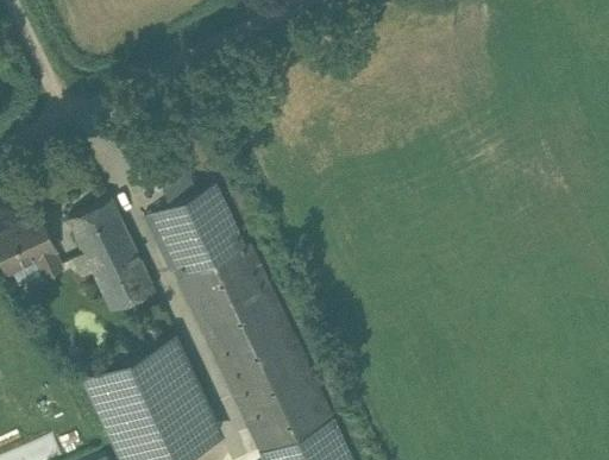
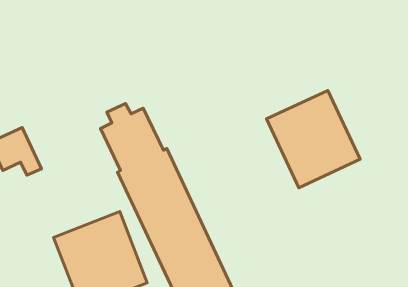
building: none -> [267,90,360,188]
building: [68,203,155,315] -> none

